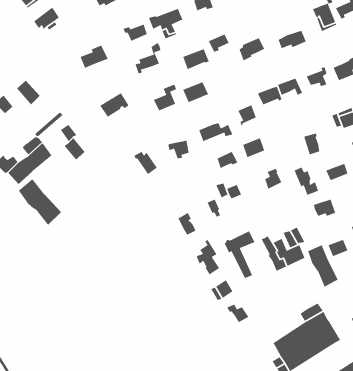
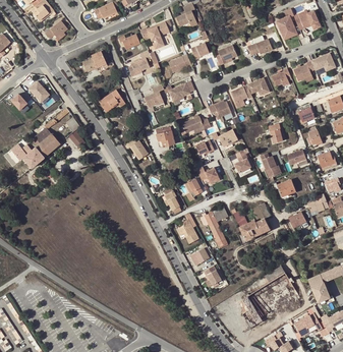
building: [18,178,62,226] -> none
building: [307,244,339,288] -> none

